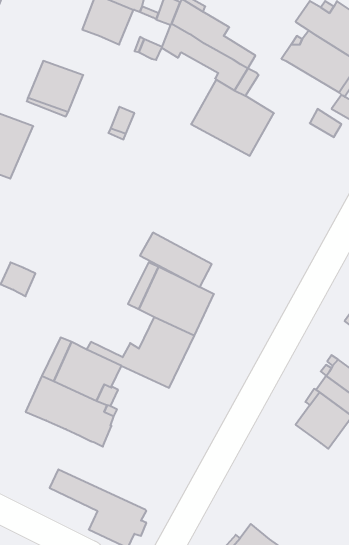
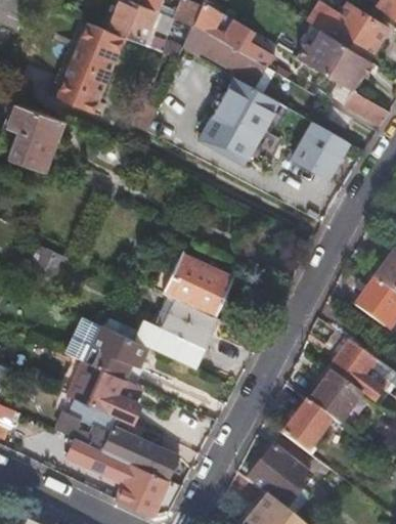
building: none -> [71,21,124,73]
building: none -> [293,123,347,177]
building: [140,233,212,287] -> [197,119,265,170]
building: none -> [53,397,178,481]
building: none -> [282,400,332,451]
building: none -> [247,446,309,509]

